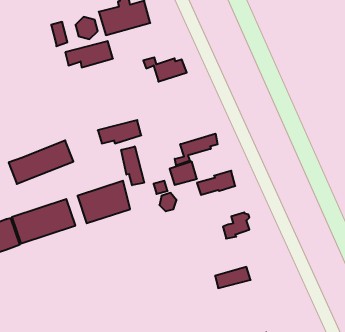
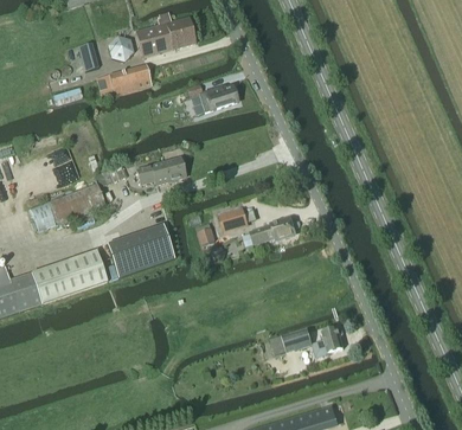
building: [175,134,218,165] -> none
building: [121,146,144,185] -> none
building: [223,212,249,239] -> [312,326,342,357]

